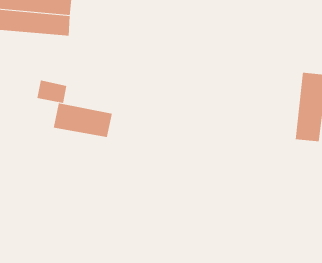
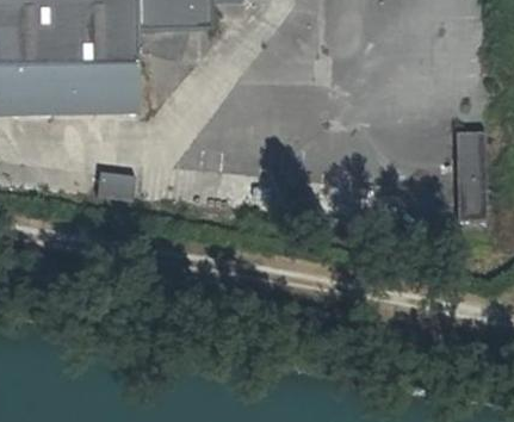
building: [53,102,112,138] -> none

